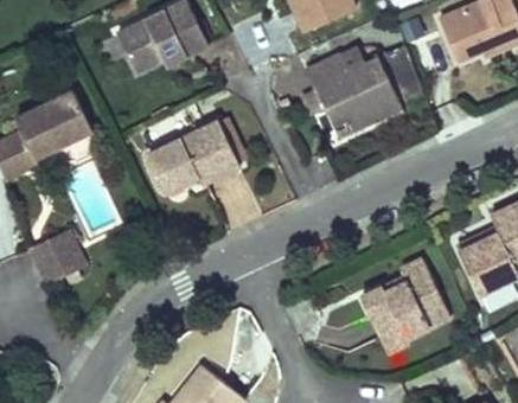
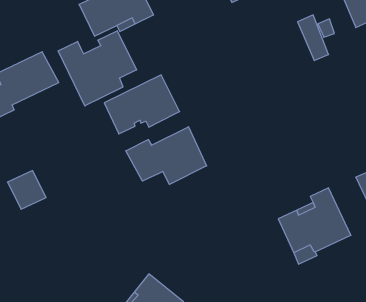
building: [306,55,402,136] -> none
building: none -> [58,31,137,106]
building: none -> [126,127,207,184]

